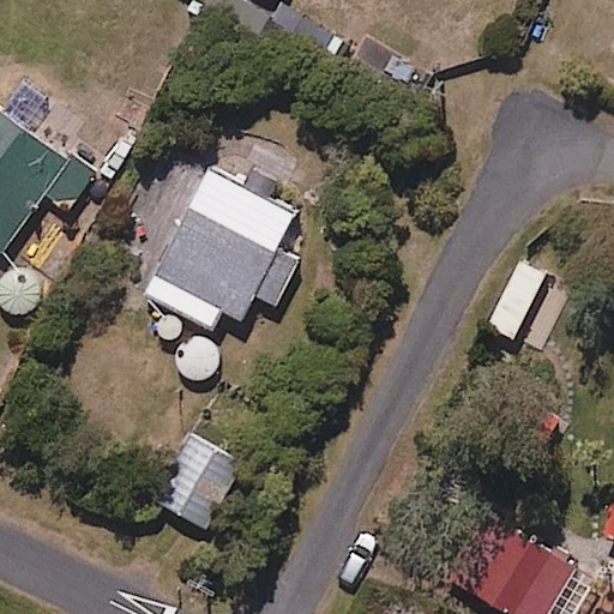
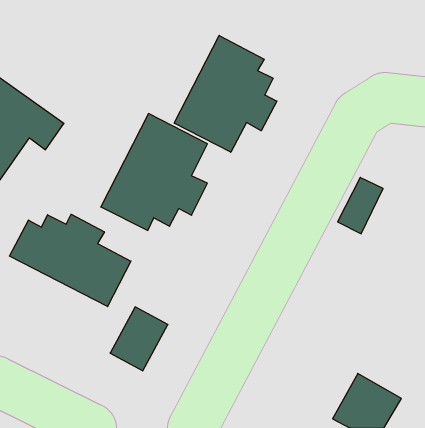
building: none -> [174,35,277,152]
building: none -> [9,214,131,307]

